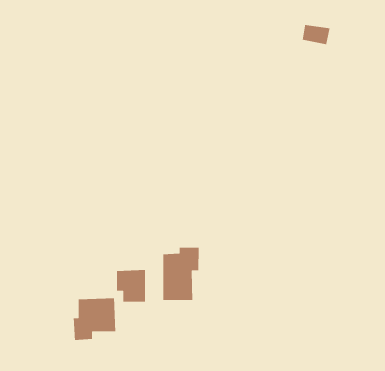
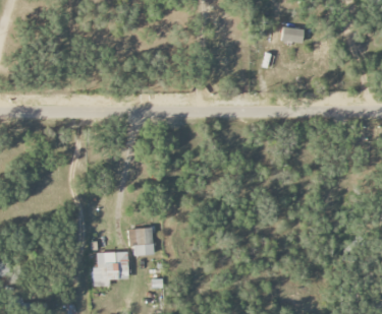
building: [163,247,200,301] -> none

